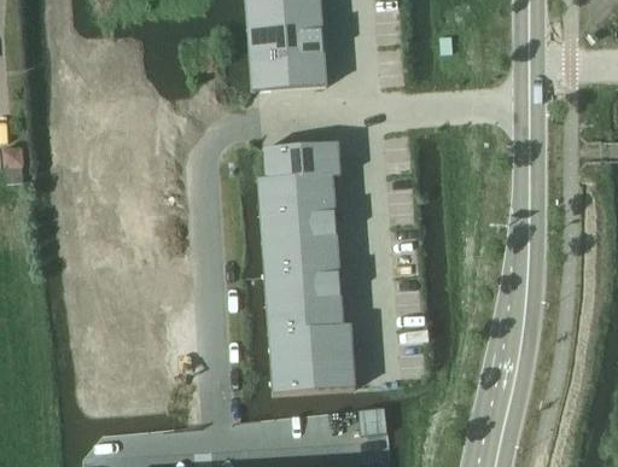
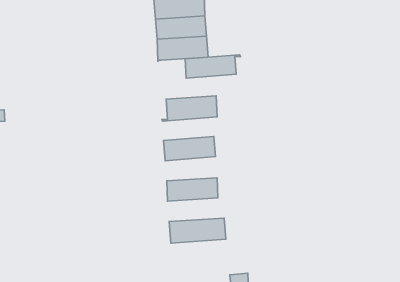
building: [258,175,340,210] -> [185,55,240,78]
building: [262,234,339,270] -> none
building: [266,296,350,331] -> none
building: [270,357,355,395] -> none

